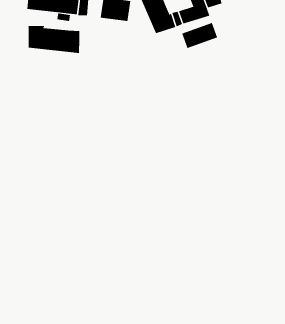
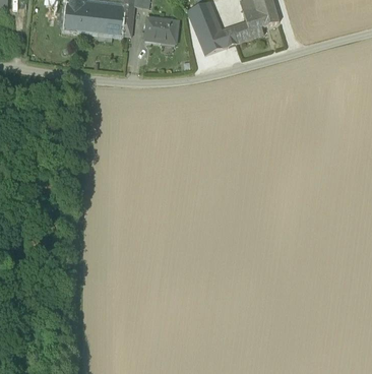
building: [181,22,218,49] -> none
building: [28,25,80,54] -> none

